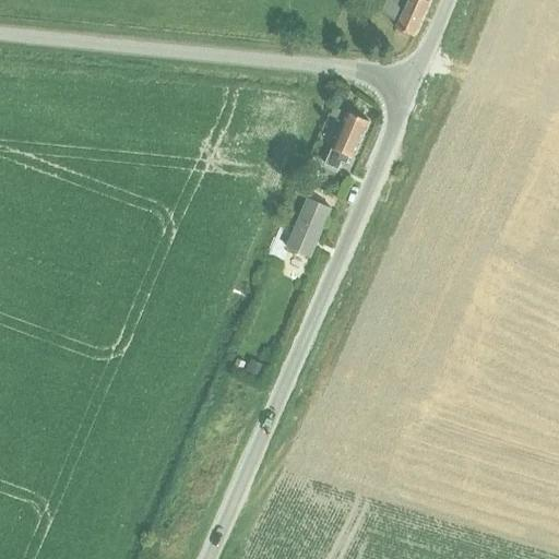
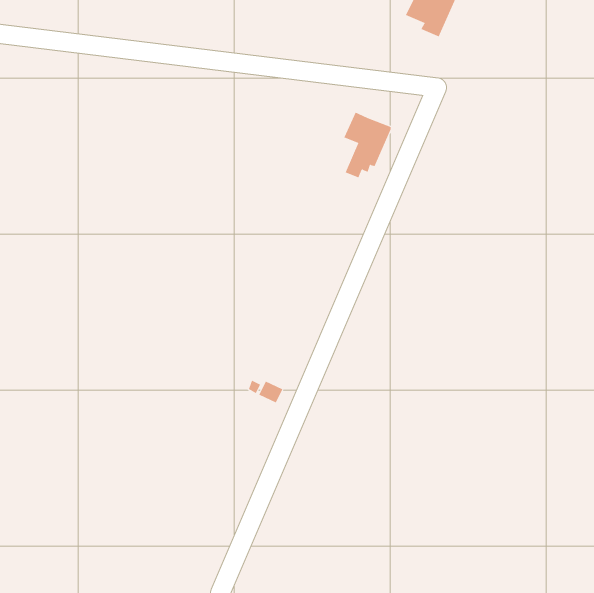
building: [285,179,330,257] -> none

